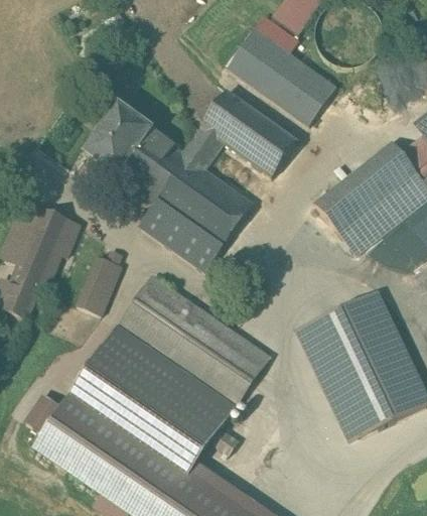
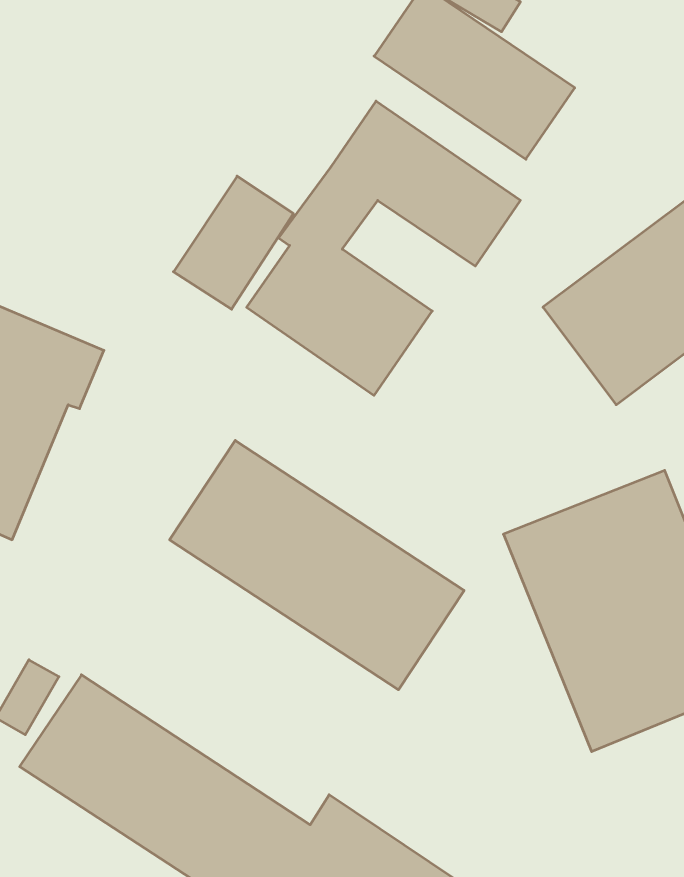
building: [83,108,151,182] -> none
building: [138,202,225,275] -> none
building: [73,256,122,319] -> none
building: [67,327,238,480] -> none

